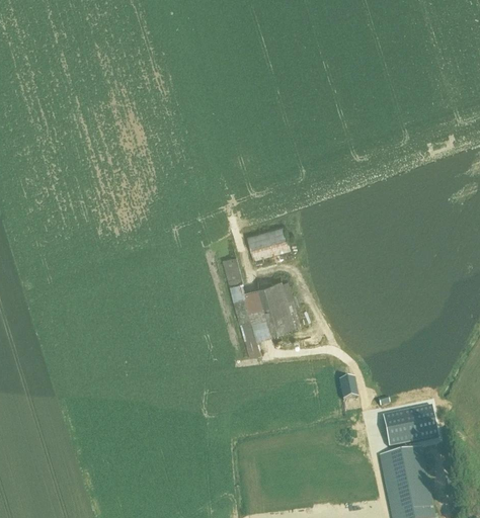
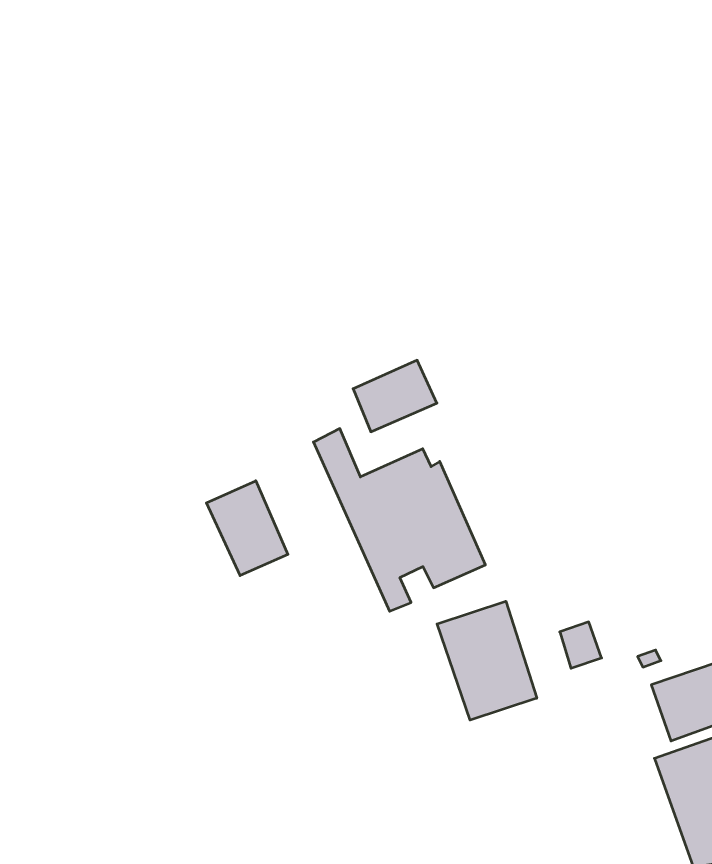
building: none -> [206,481,288,576]
building: none -> [437,601,537,720]

